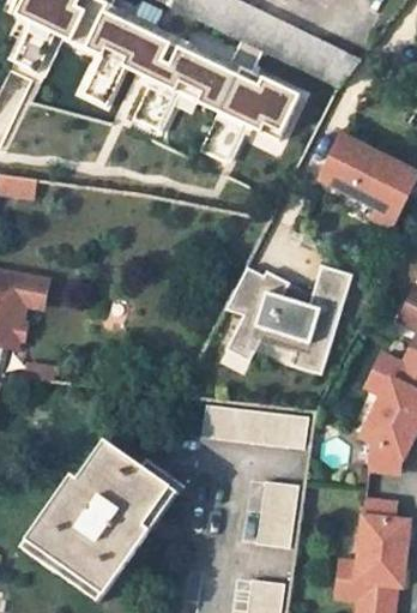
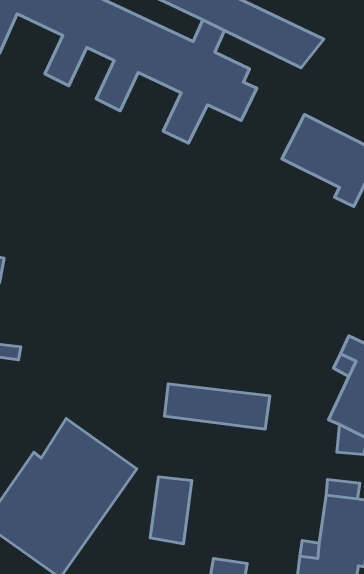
building: [225,266,351,374] -> none
building: [256,481,298,548] -> [150,477,192,544]

